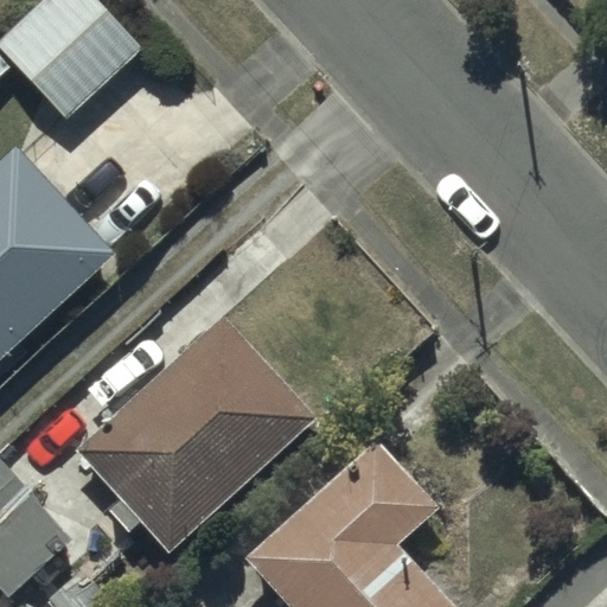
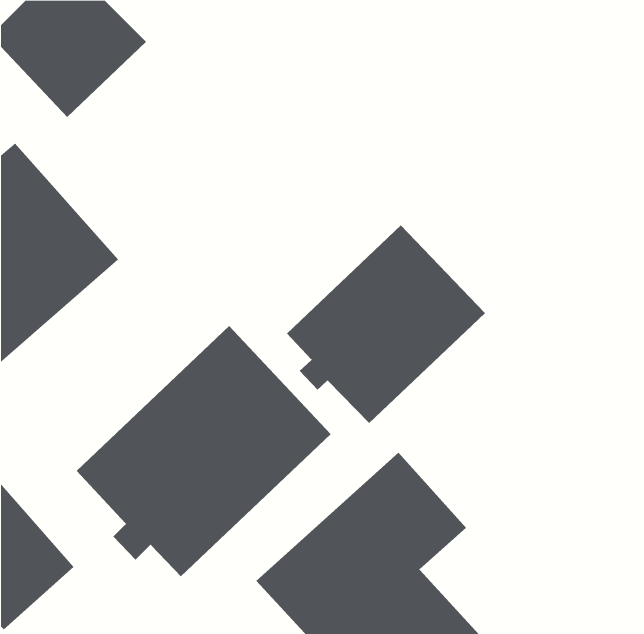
building: none -> [286,225,486,424]

